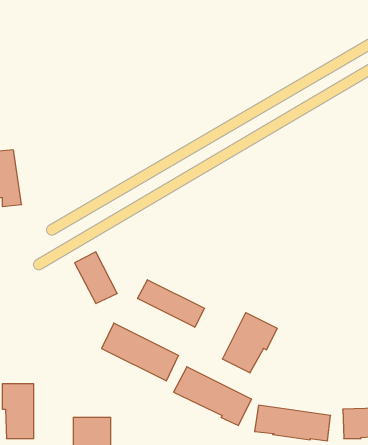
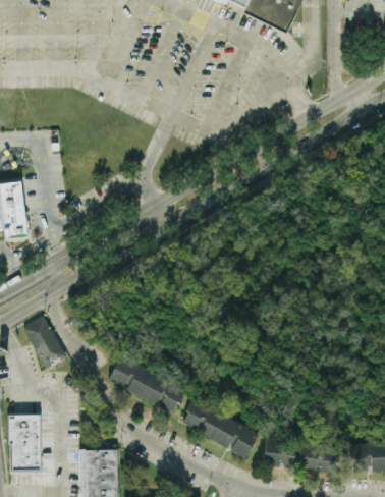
building: [75,252,117,304] -> [22,316,65,368]
building: [138,280,205,327] -> none
building: [222,313,277,373] -> none

